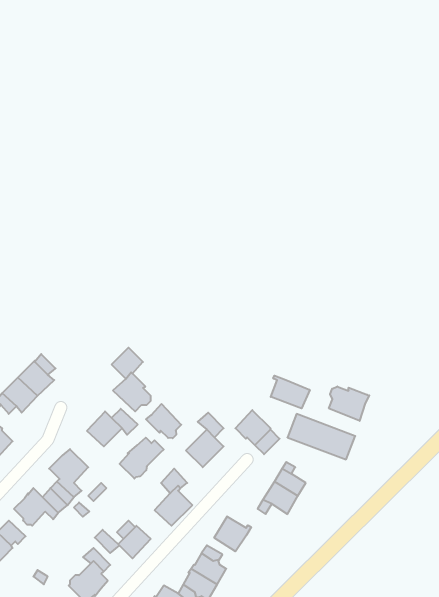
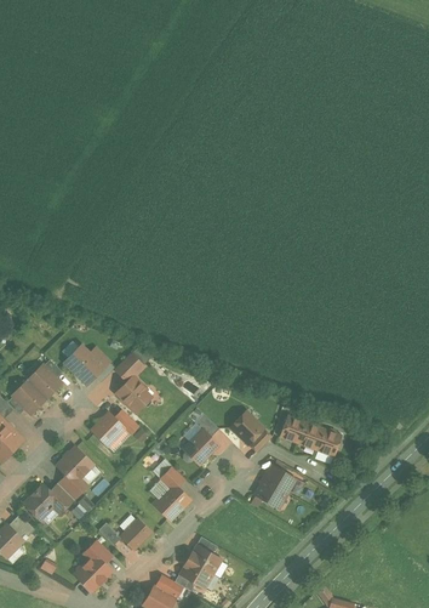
building: none -> [67,346,108,385]
building: [271,376,310,408] -> none
building: [329,386,369,421] -> none
building: [146,404,181,438] -> none
building: [120,438,164,479] -> none
building: [214,516,251,551] -> none

